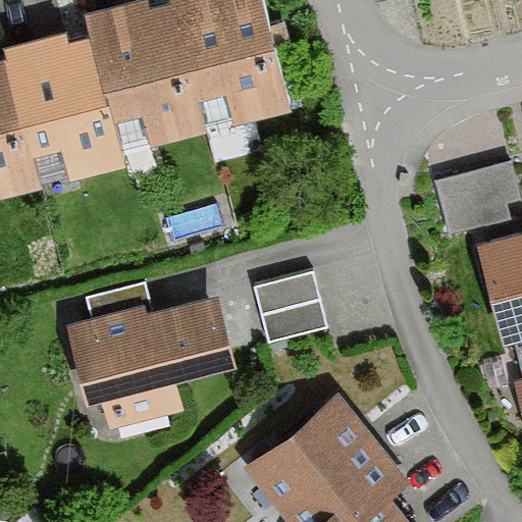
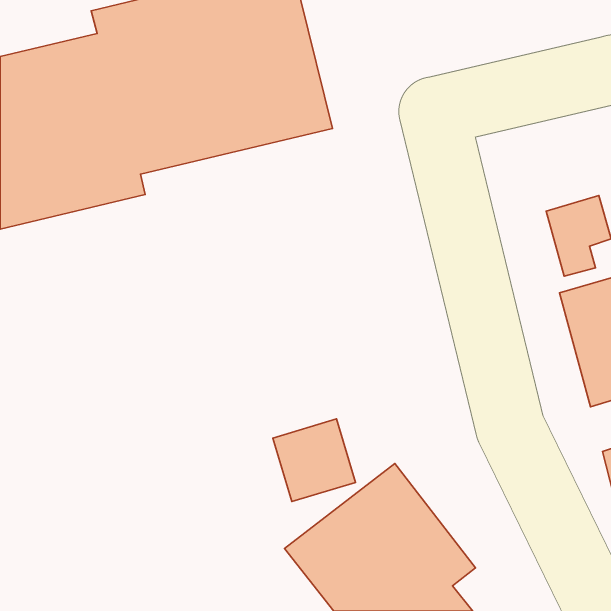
building: [258,278,328,349] -> [273,419,356,502]
building: [65,297,232,430] -> none

